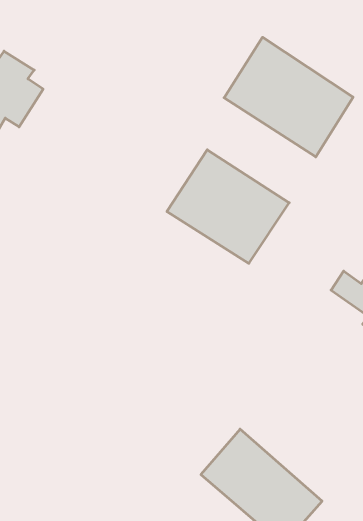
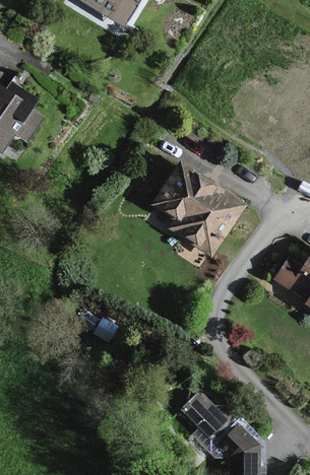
building: [224,37,353,157] -> none

